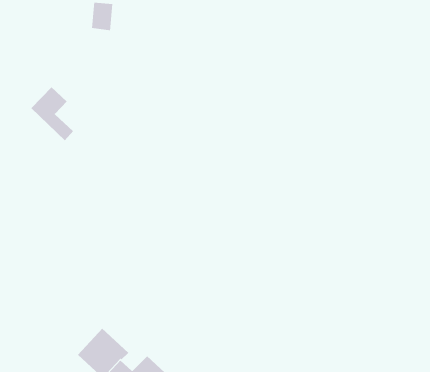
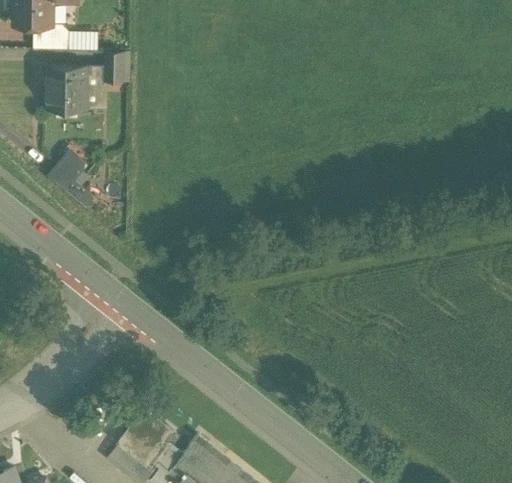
building: none -> [50,66,89,110]

